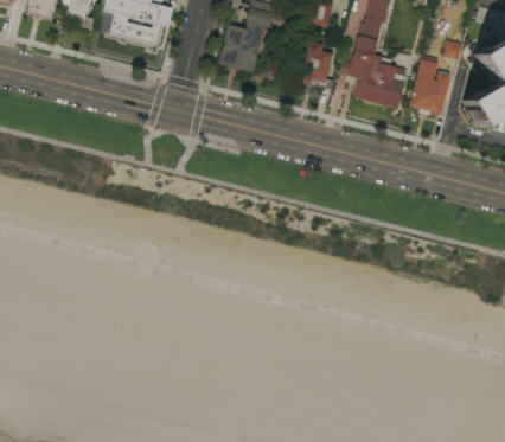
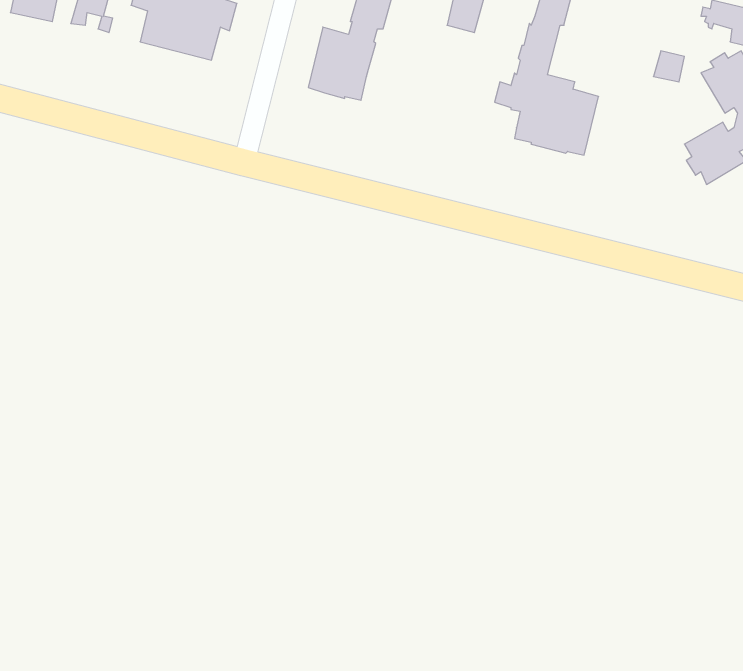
building: [296,40,333,89] -> none
building: [408,58,449,114] -> none

